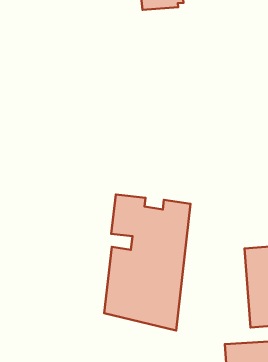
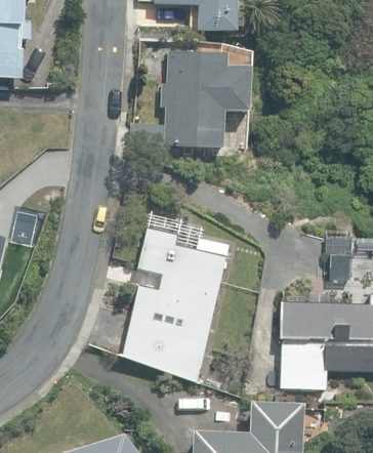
building: none -> [129,51,250,153]

